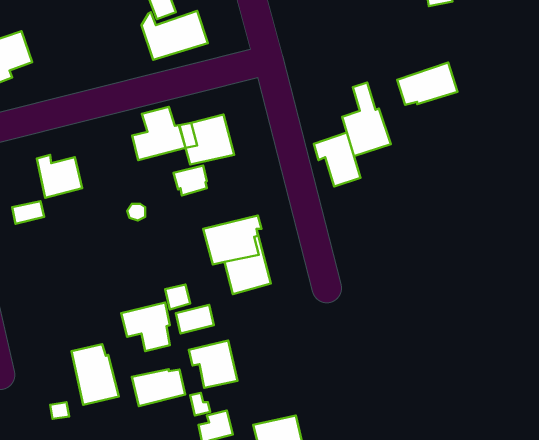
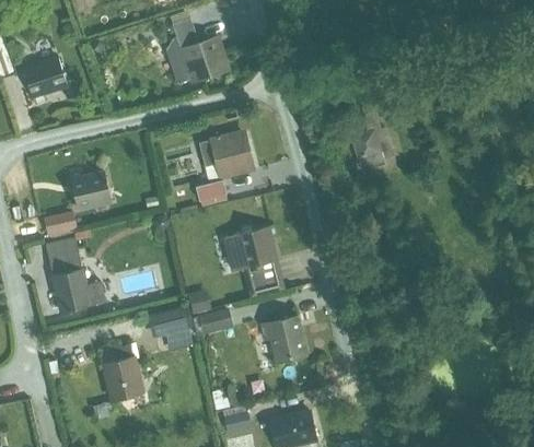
building: [397,63,458,105] -> none
building: [132,107,185,160] -> none
building: [314,132,361,186] -> none
building: none -> [45,237,105,311]
building: [189,340,238,388] -> [259,317,304,361]
building: [132,369,185,406] -> none

